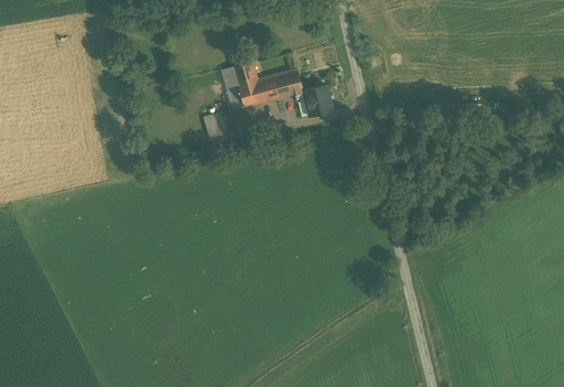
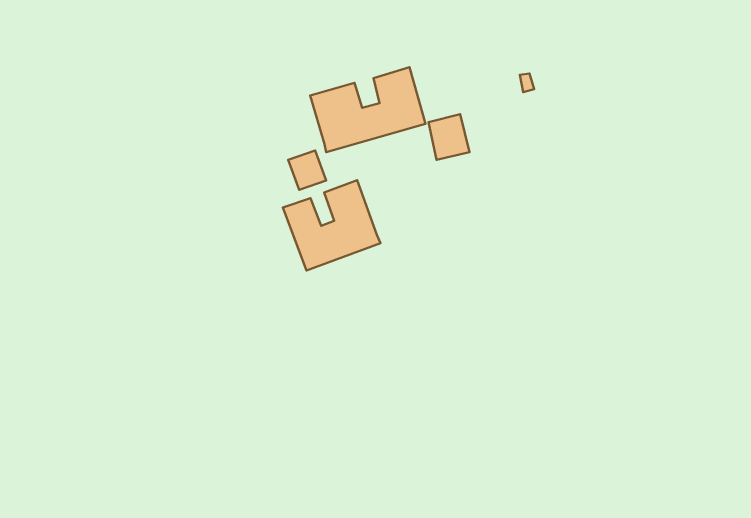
building: none -> [283,180,381,270]

